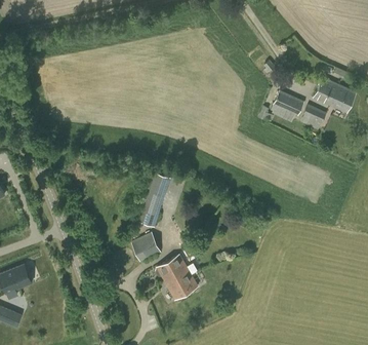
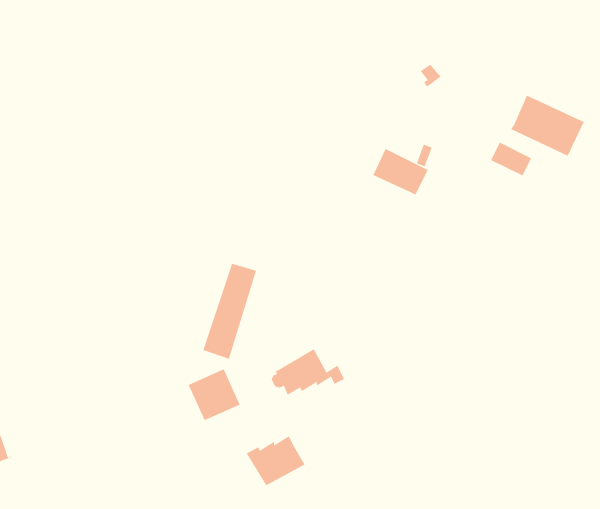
building: [273,89,304,116] -> [372,148,429,195]
building: [155,254,197,280] -> [271,348,345,396]

